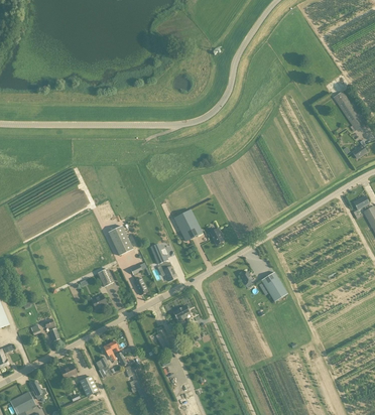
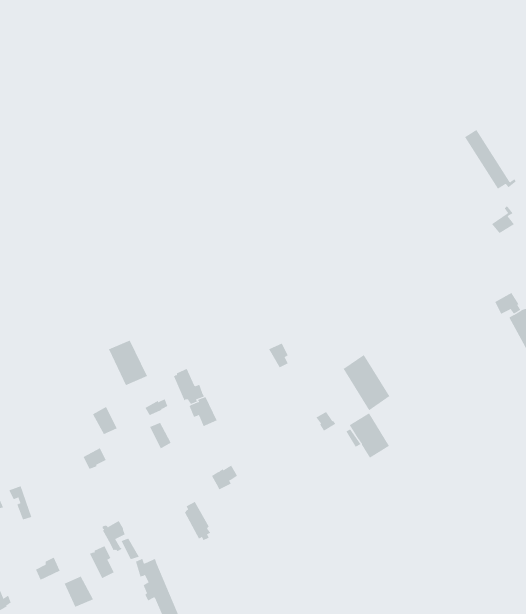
building: [172,209,201,240] -> none
building: none -> [343,354,390,411]

